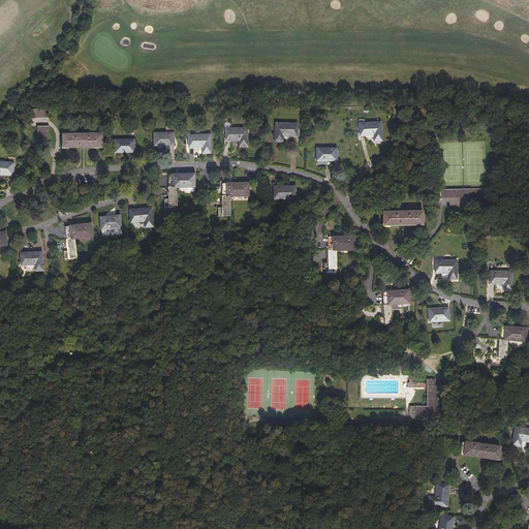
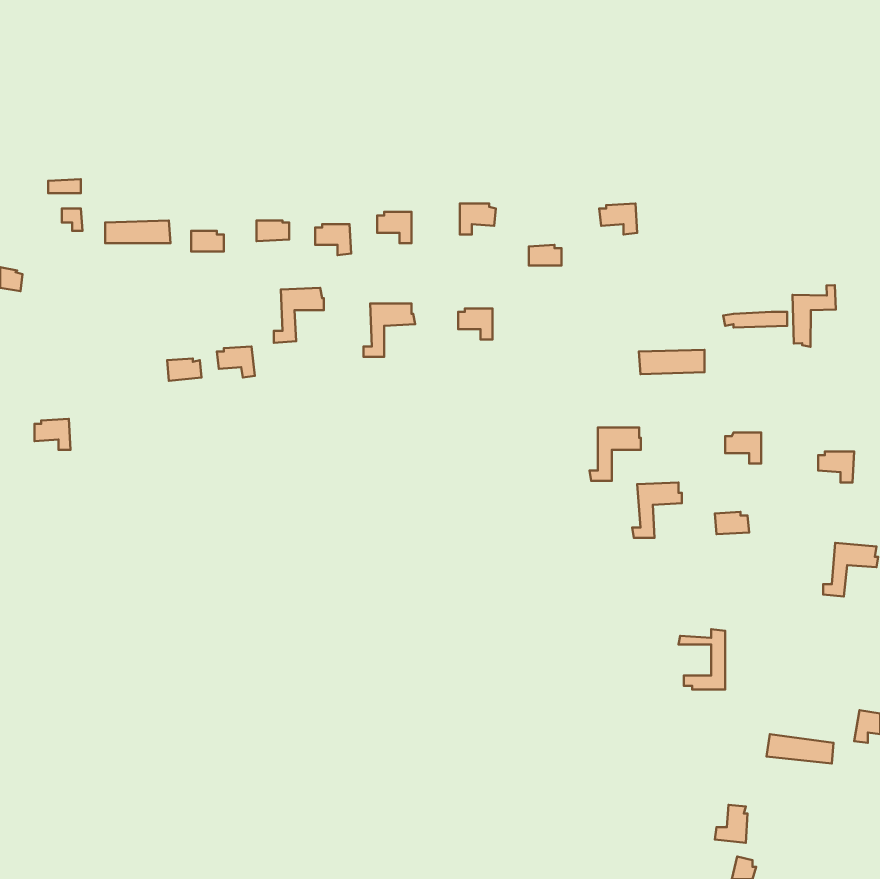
building: none -> [792,285,836,347]
building: [63,222,93,257] -> none
building: [323,236,354,268] -> [589,428,641,481]

